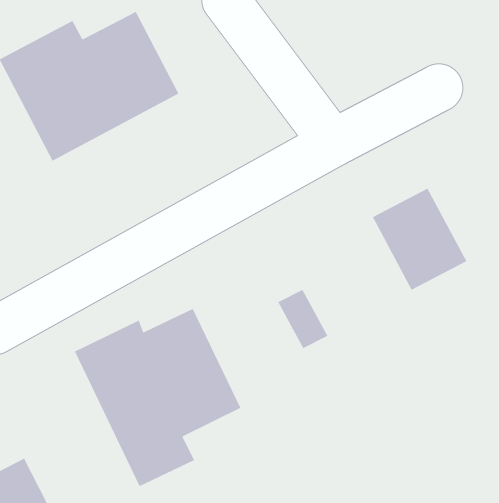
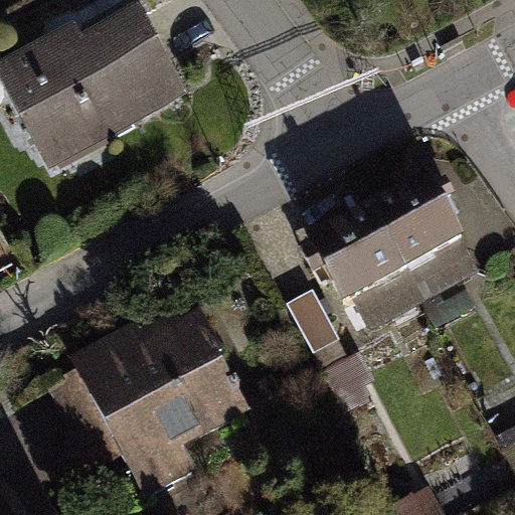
building: none -> [314,222,419,332]

